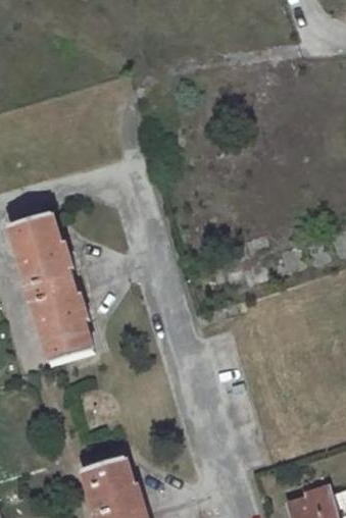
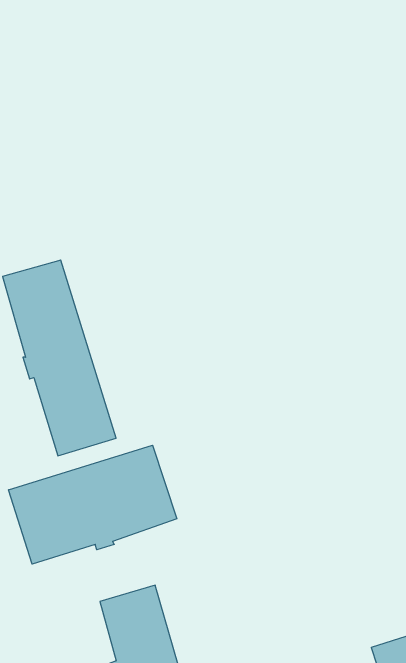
building: none -> [9,445,177,564]

